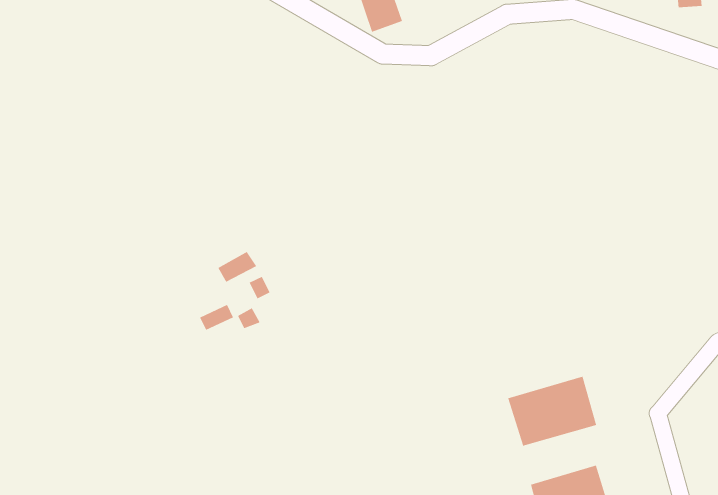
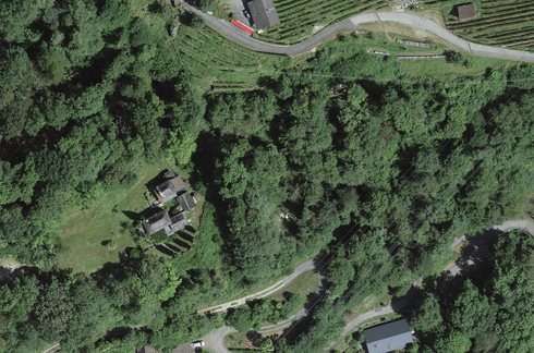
building: [507,376,597,446] -> none

